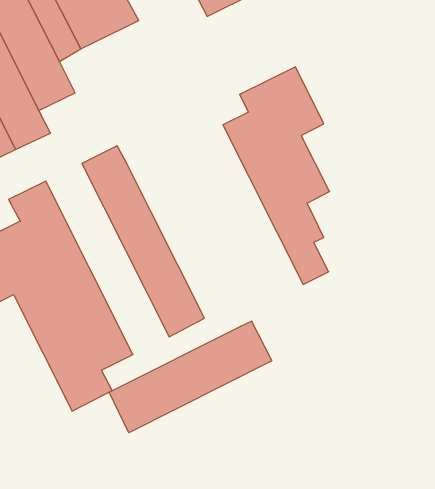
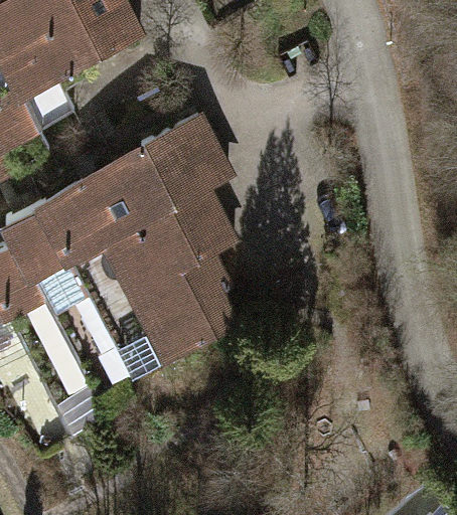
building: [223,67,330,284] -> [129,112,239,335]
building: none -> [48,176,175,372]
building: [109,321,272,433] -> none

